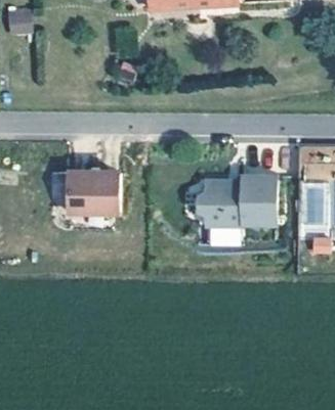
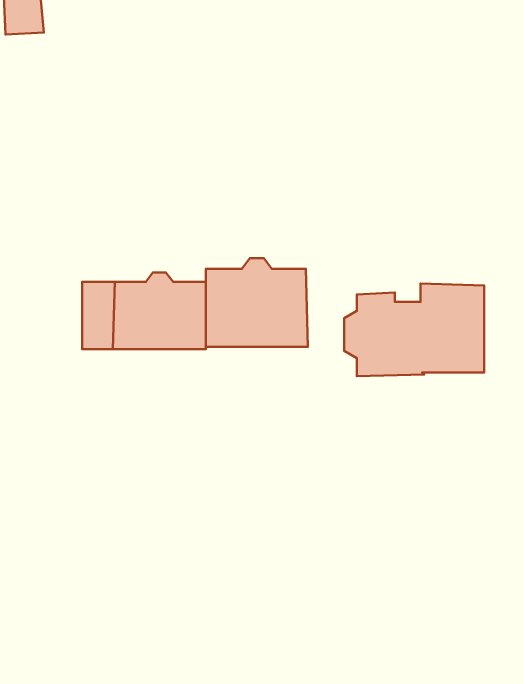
building: none -> [206,258,308,347]

